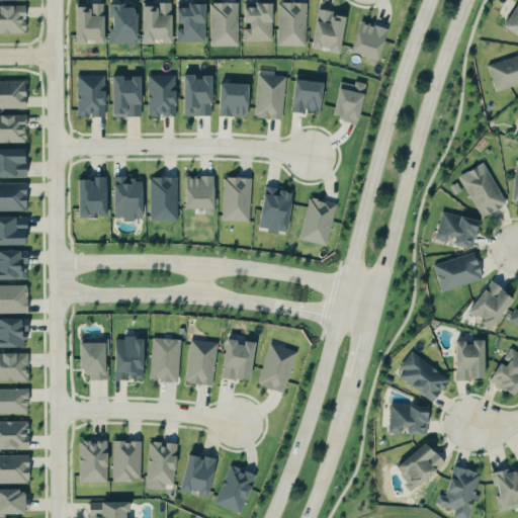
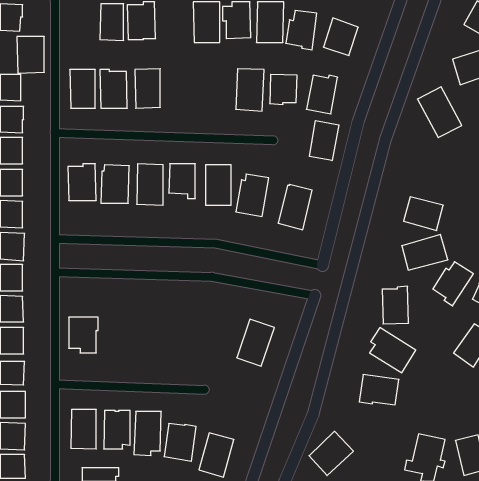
building: [73,4,102,44] -> [17,37,44,73]
building: [174,4,204,41] -> none
building: [181,74,210,115] -> none
building: [218,82,247,116] -> none
building: none -> [309,121,339,161]
building: [459,162,507,217] -> [417,87,462,138]
building: [113,337,143,379] -> none
building: [151,337,181,381] -> none
building: [220,338,252,380] -> none
building: [185,339,219,385] -> none
building: [454,339,483,379] -> [382,286,409,324]
building: [396,441,443,489] -> [309,431,353,476]

